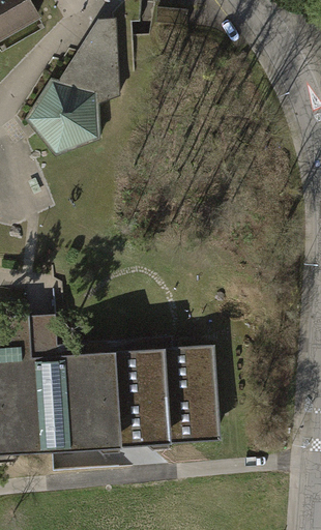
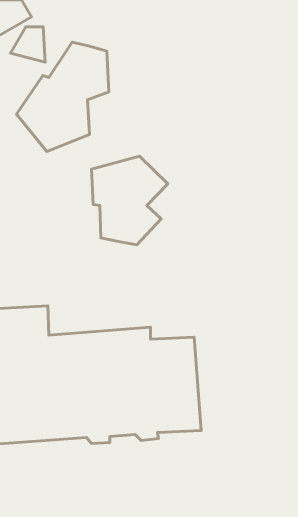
building: [81,17,116,53] -> [11,27,45,62]
building: none -> [91,156,168,245]

